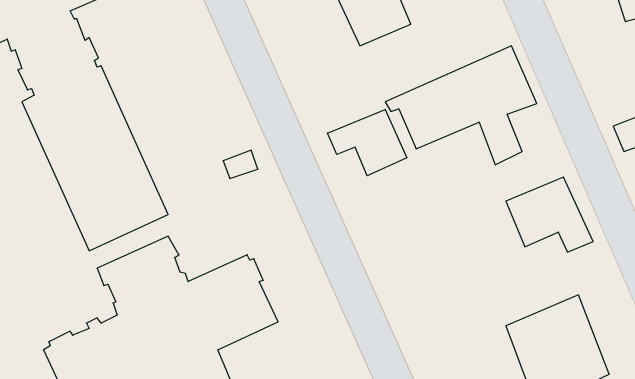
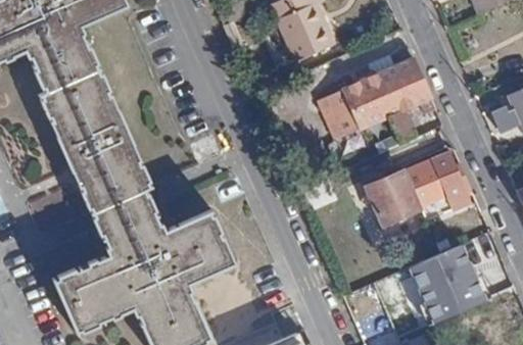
building: [327,109,407,176] -> none
building: none -> [370,175,421,227]

